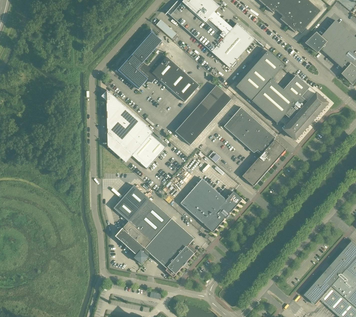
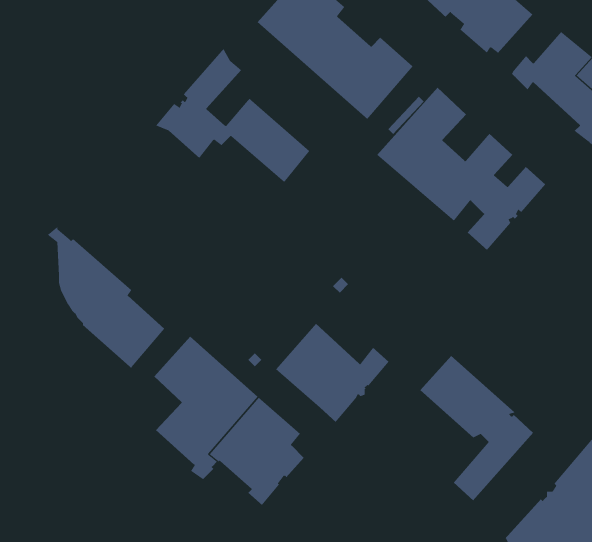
building: [174,85,230,145] -> none
building: [100,89,164,169] -> [47,222,165,369]
building: [223,107,285,186] -> [420,355,534,501]

